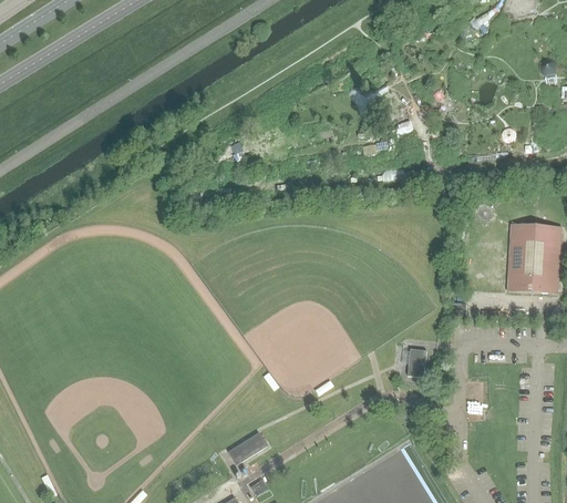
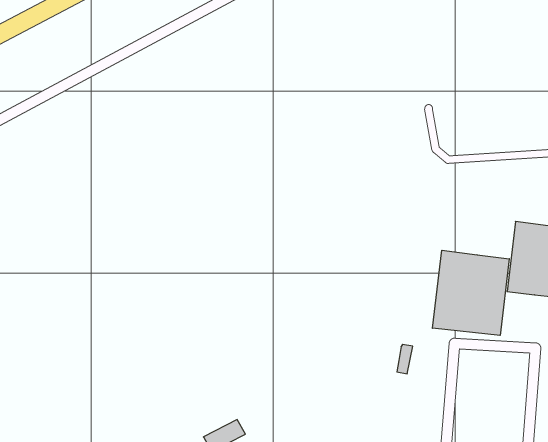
building: none -> [432,250,509,335]

